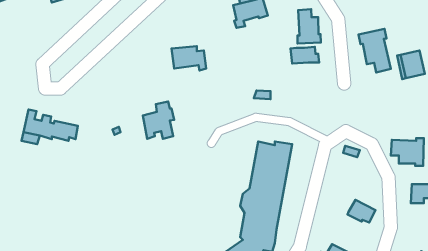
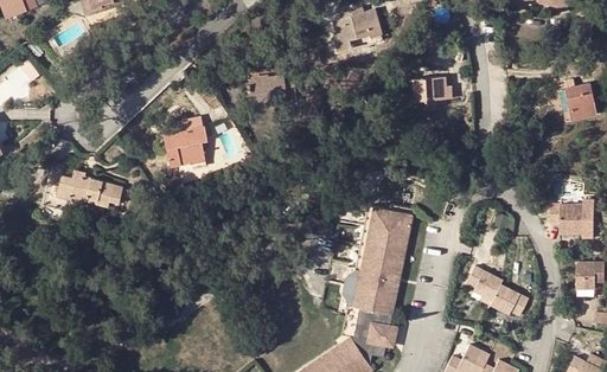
building: [297,9,321,44] -> none
building: [359,29,391,72] -> none
building: [143,101,174,139] -> [164,116,206,167]
building: none -> [466,268,503,302]

